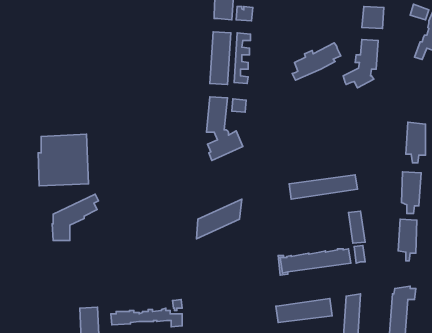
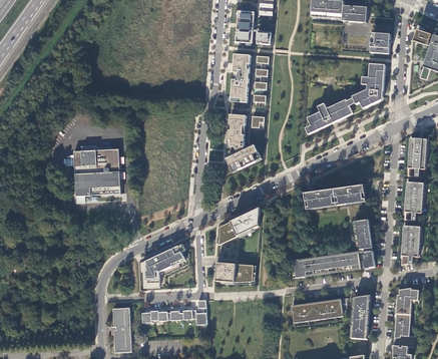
building: [292,43,341,80] -> [307,98,351,132]
building: [52,194,98,240] -> [142,243,184,285]
building: none -> [215,258,253,282]

